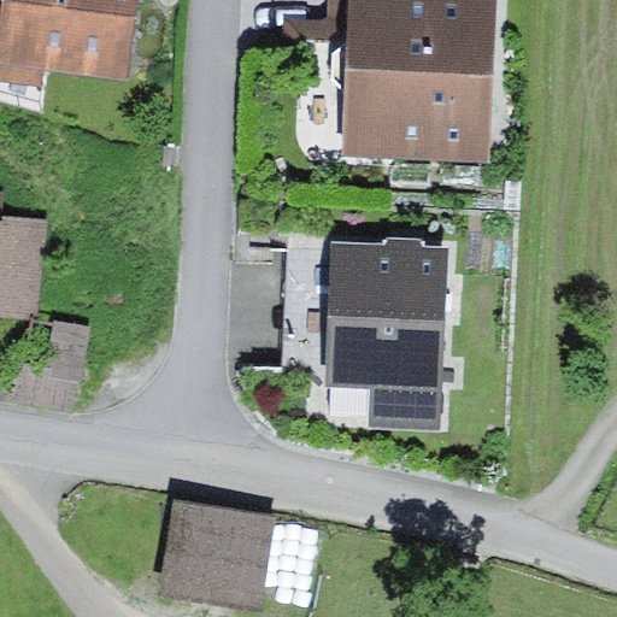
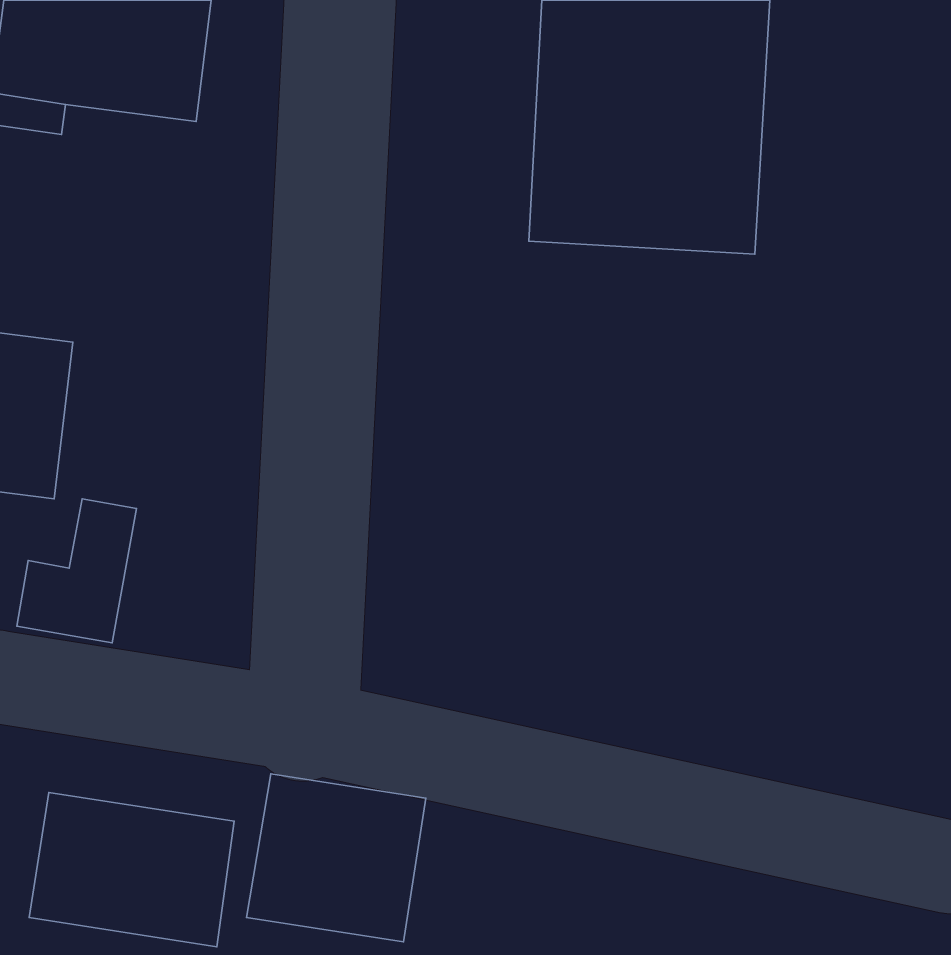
building: [324,237,447,431] -> none
building: none -> [29,792,234,947]

